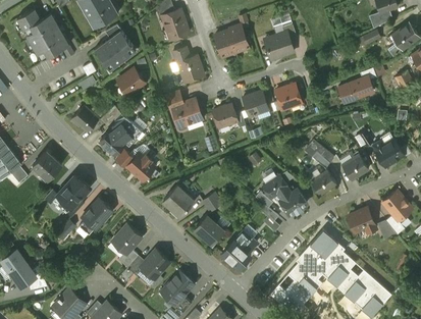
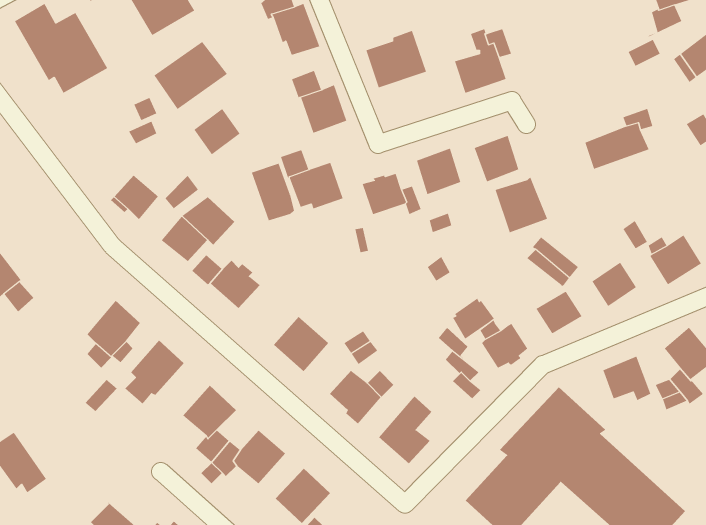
building: none -> [251,163,295,221]
building: none -> [495,177,548,233]
building: [33,152,61,184] -> none

